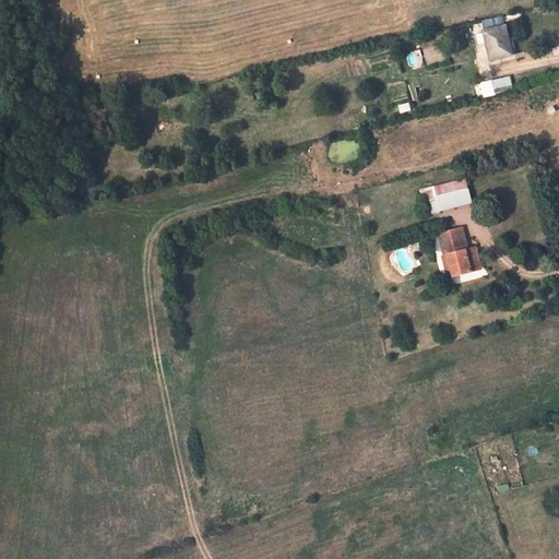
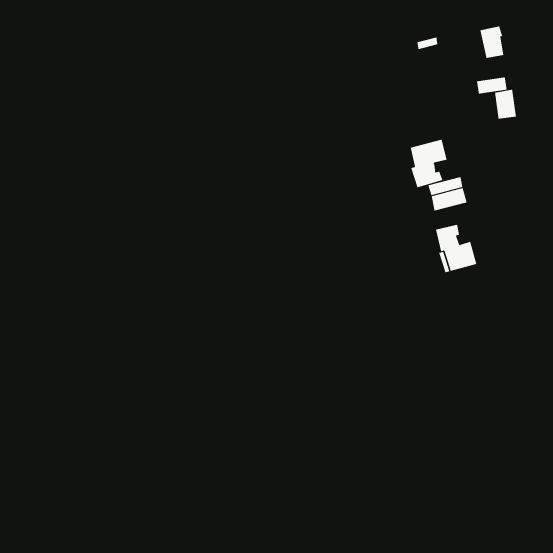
building: none -> [494,89,517,119]
building: none -> [410,139,447,188]

